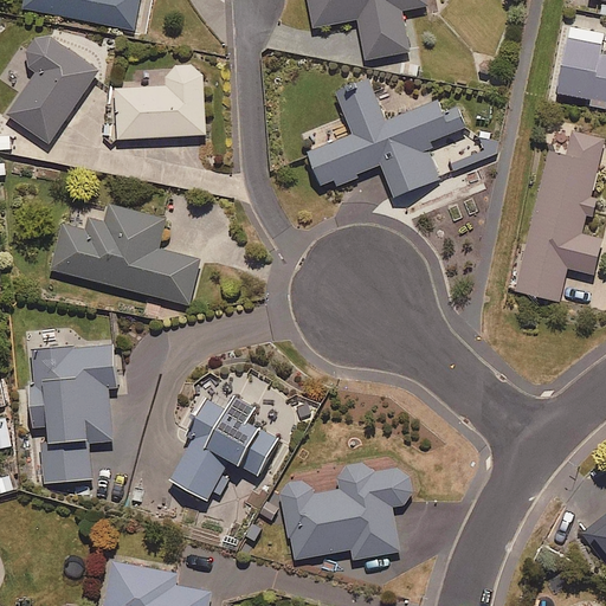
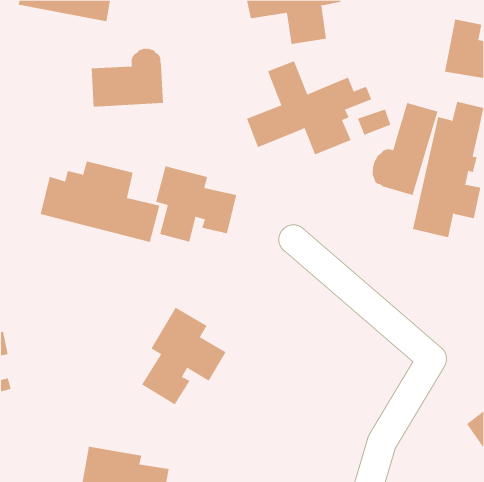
building: [6,36,98,142] -> none
building: none -> [372,102,438,196]
building: none -> [156,166,237,243]
building: [28,342,115,482] -> none
building: [279,463,411,560] -> none

